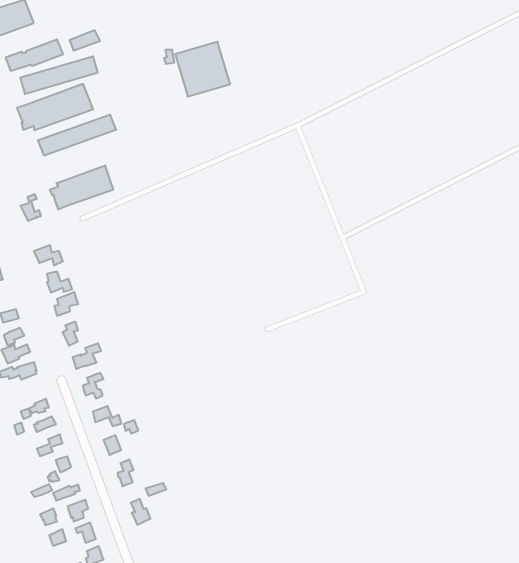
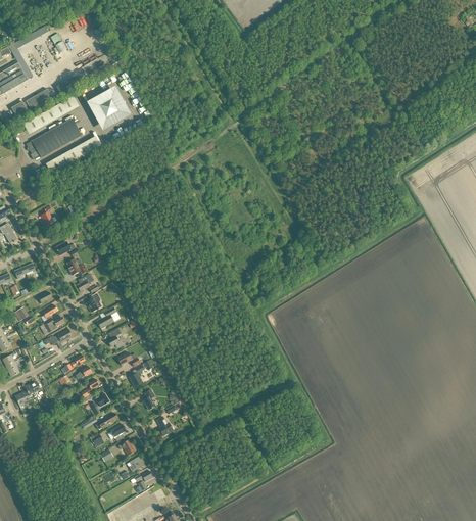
building: [175,42,230,97] -> [89,86,133,130]
building: [50,165,113,209] -> none

